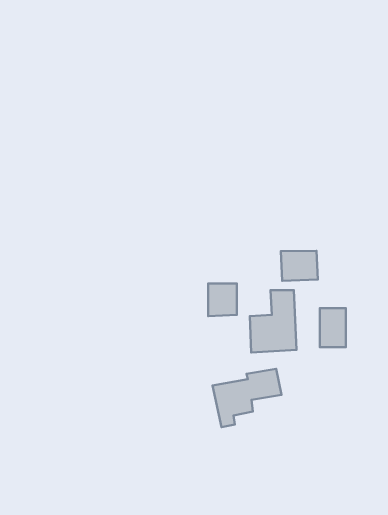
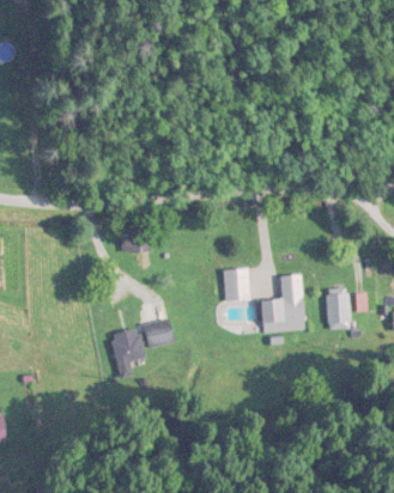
building: [281,251,318,281] -> none
building: [213,369,281,427] -> [110,319,174,373]

